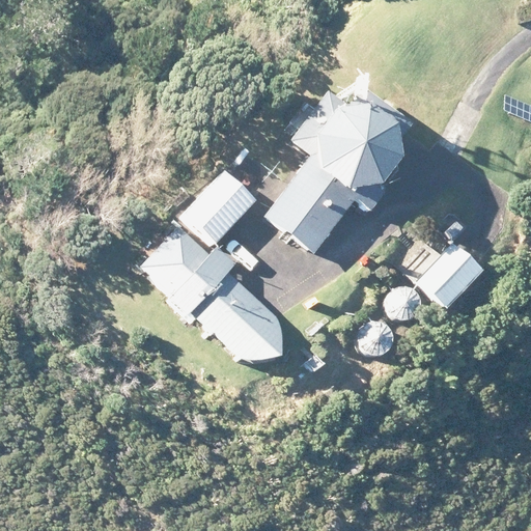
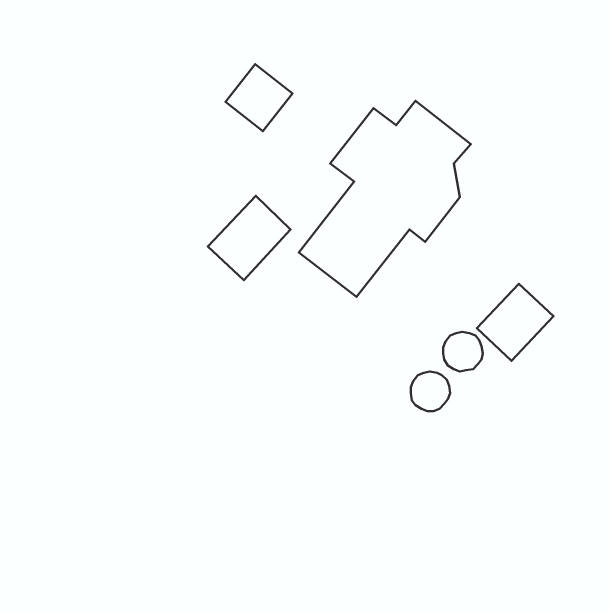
building: none -> [225,64,292,131]
building: [139,226,282,361] -> none

